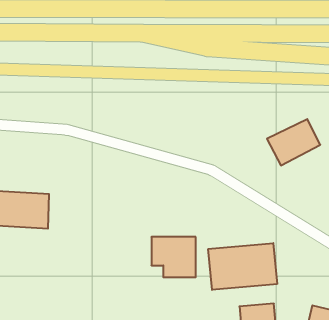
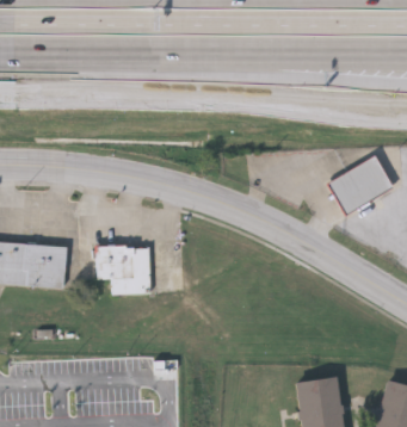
building: [151,237,196,277] -> [98,247,152,296]
building: [208,243,277,290] -> none

